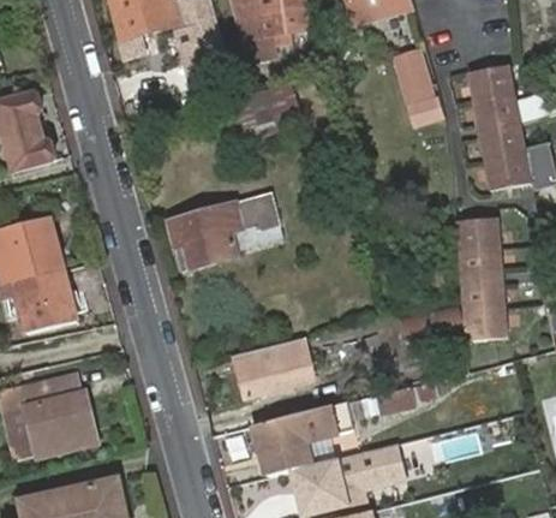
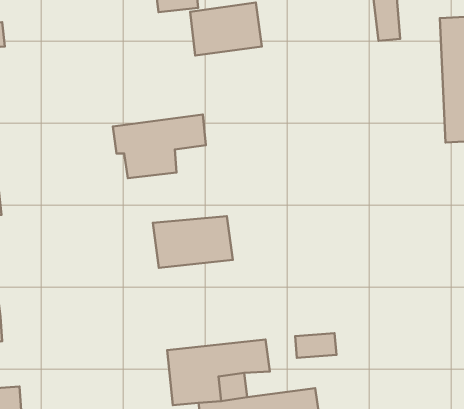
building: [459,216,509,339] -> none
building: [233,339,315,398] -> [153,216,233,268]

